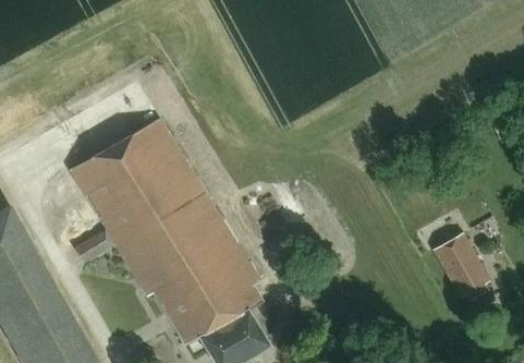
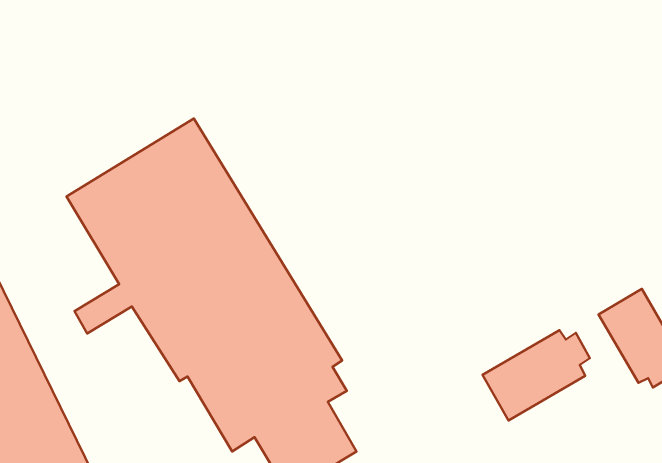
building: none -> [483,330,590,420]

